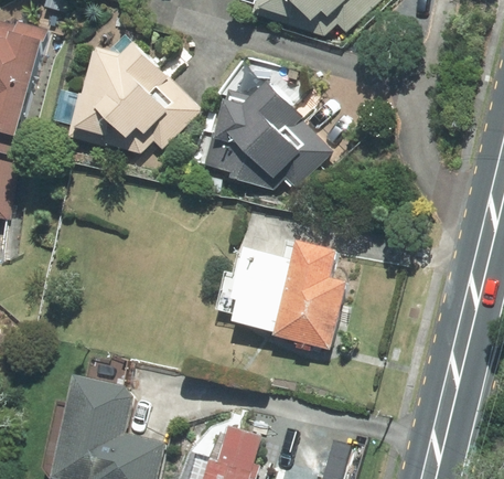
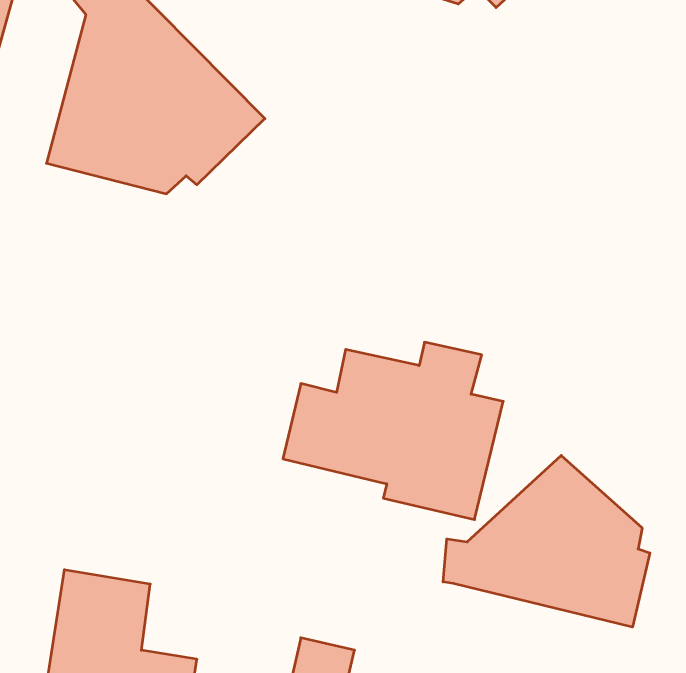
building: [196,61,339,191] -> none
building: none -> [443,455,650,627]

